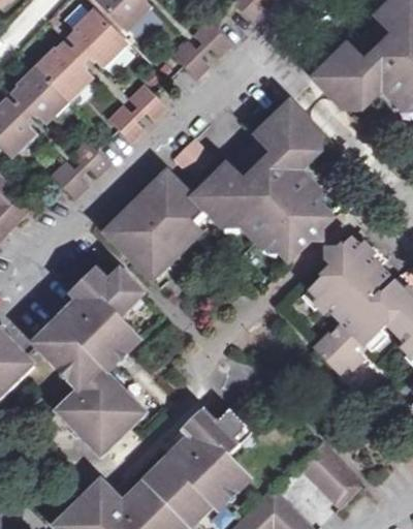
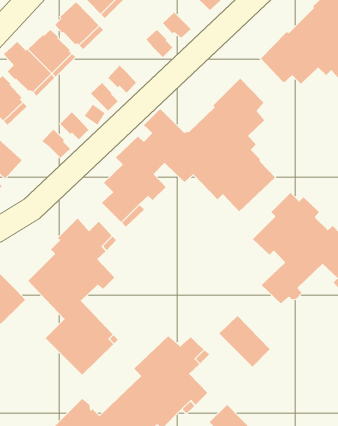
building: [105,196,148,250] -> none
building: [298,443,360,505] -> [219,315,271,367]

